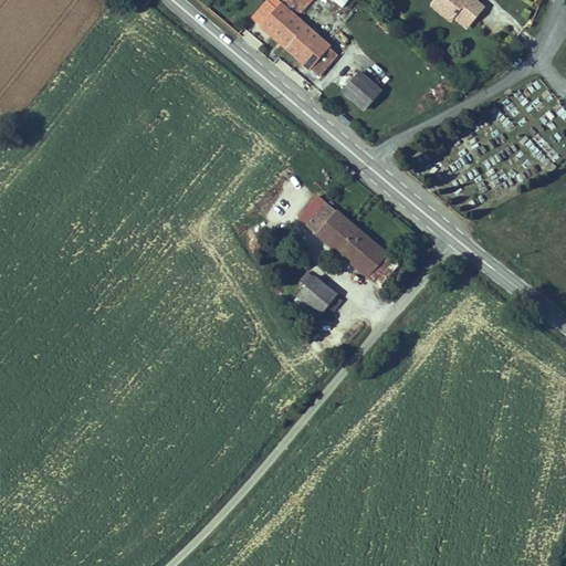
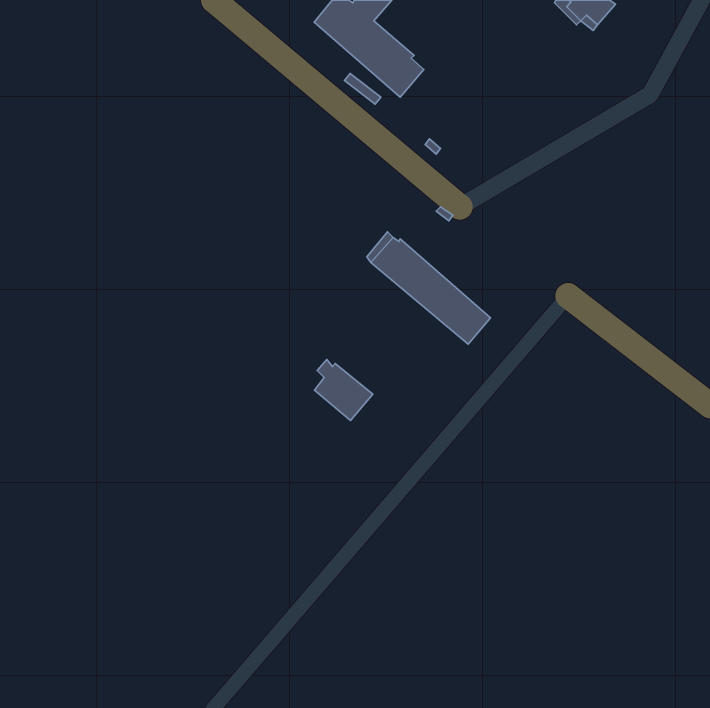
building: [339,71,380,112] -> none
building: [289,263,335,312] -> [314,359,373,421]

